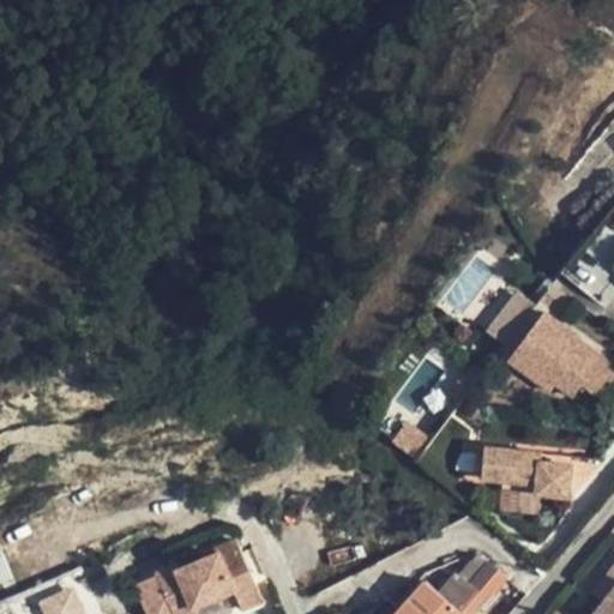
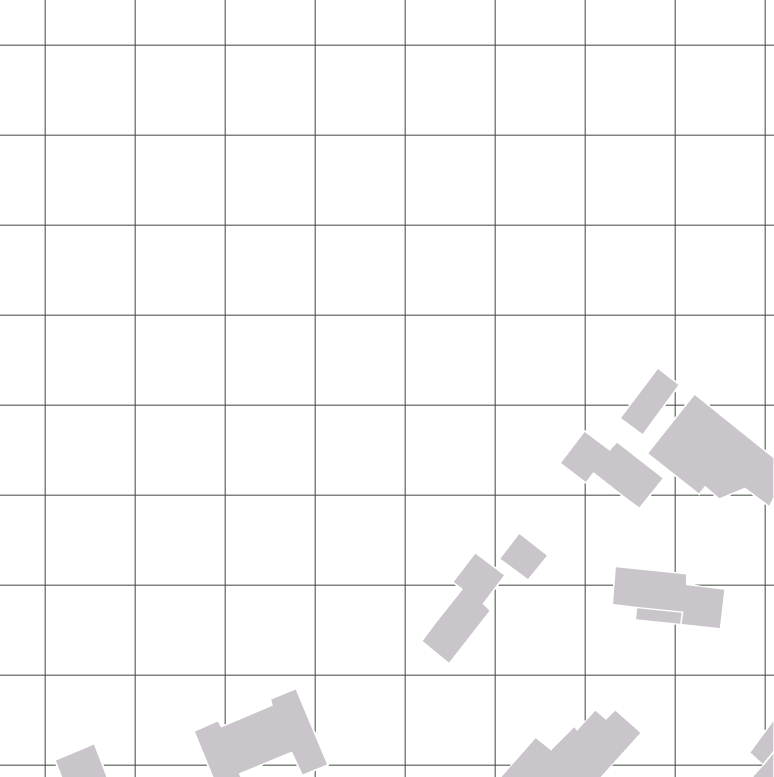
building: none -> [560,431,664,509]
building: none -> [421,552,505,664]

